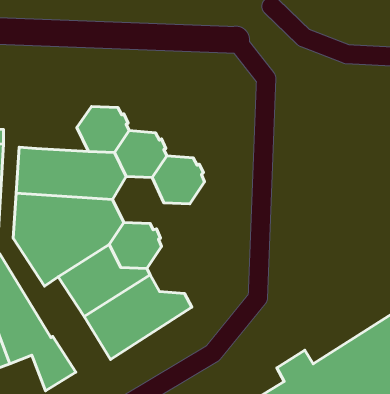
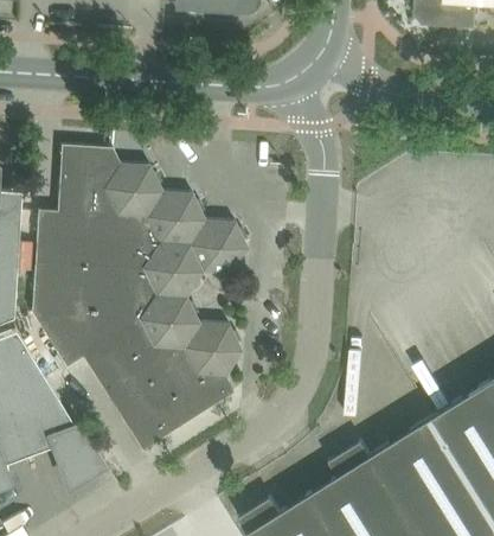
building: none -> [57,143,120,213]
building: none -> [143,242,201,295]
building: none -> [182,321,242,375]

